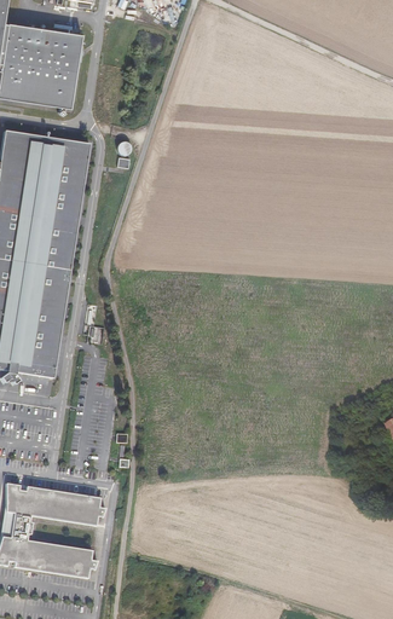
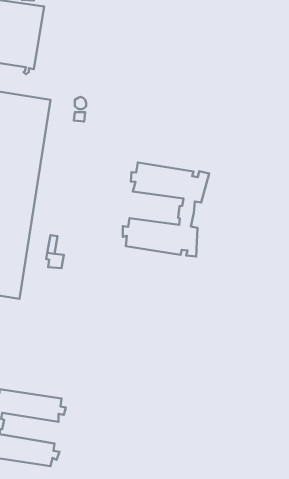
building: none -> [123,163,209,257]

